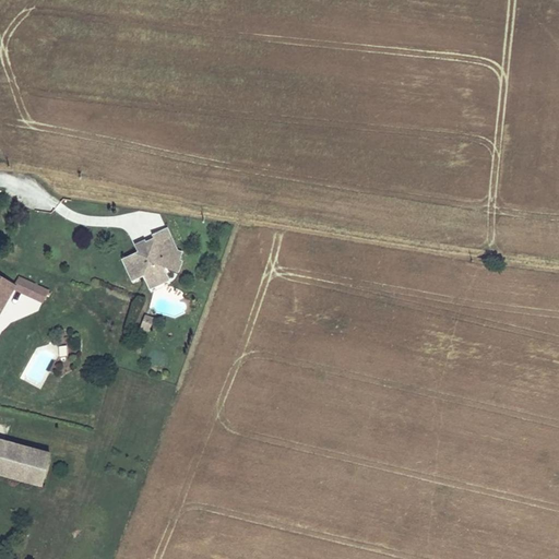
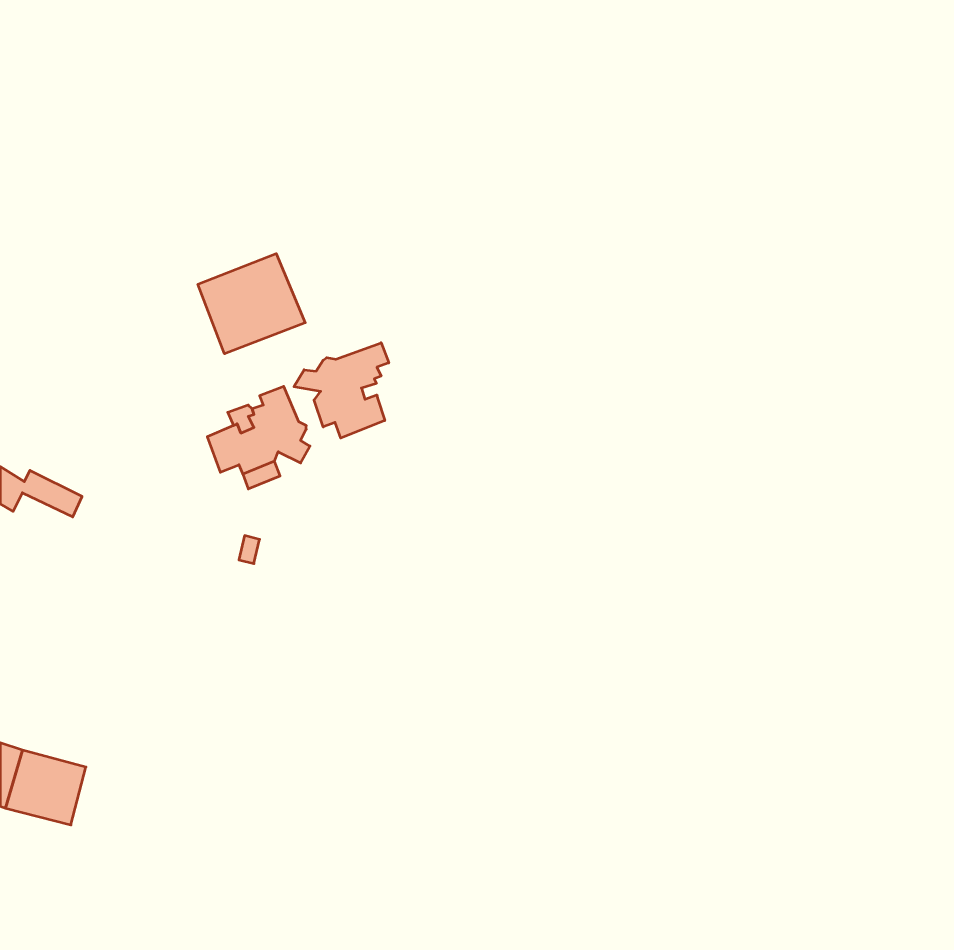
building: none -> [198,254,305,354]
building: none -> [294,343,389,438]

